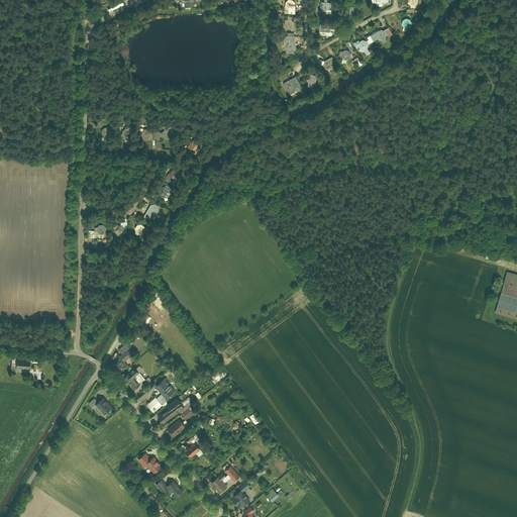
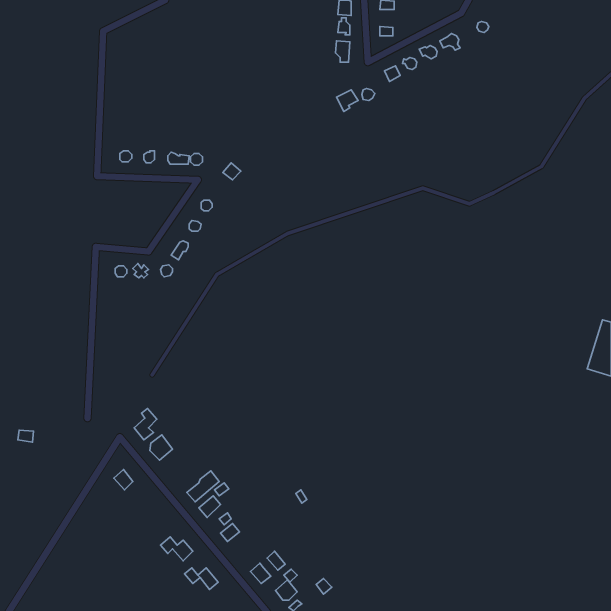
building: [147,378,176,413] -> none

